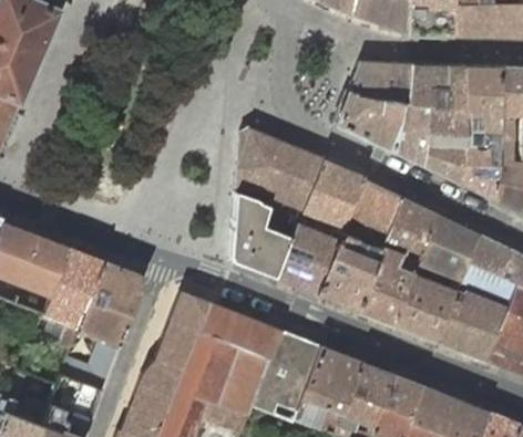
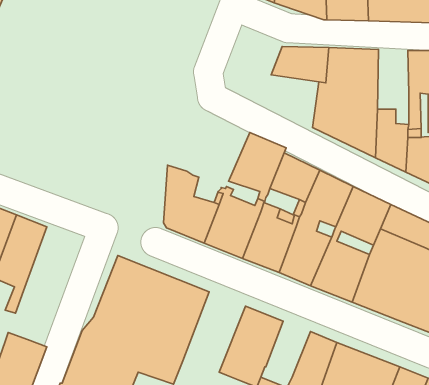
building: [465,67,500,149] -> none
building: [338,95,401,153] -> none
building: [237,127,326,219] -> none
building: [79,261,147,392] -> none
building: [253,332,321,423] -> none
building: [343,364,392,425] -> none

